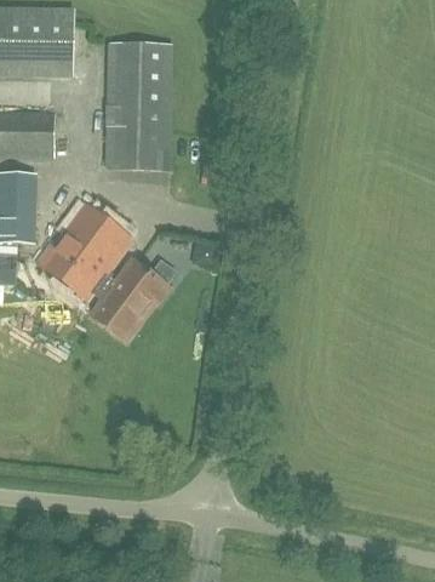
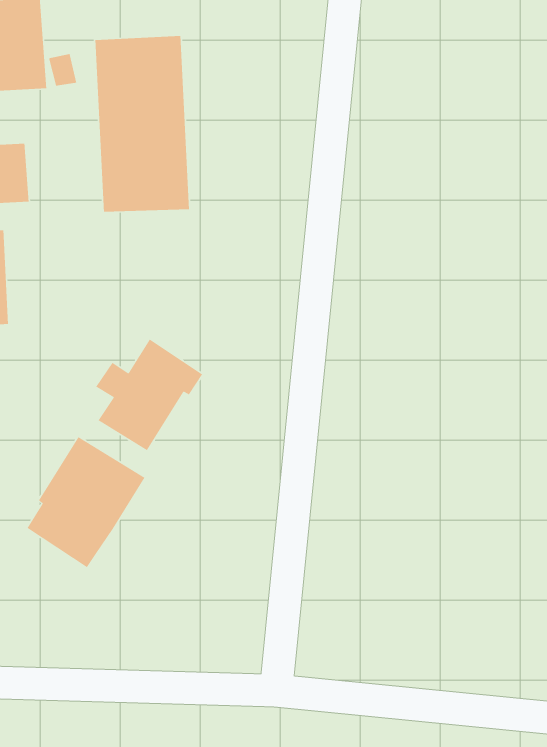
building: [44,204,131,298] -> [27,436,146,568]

